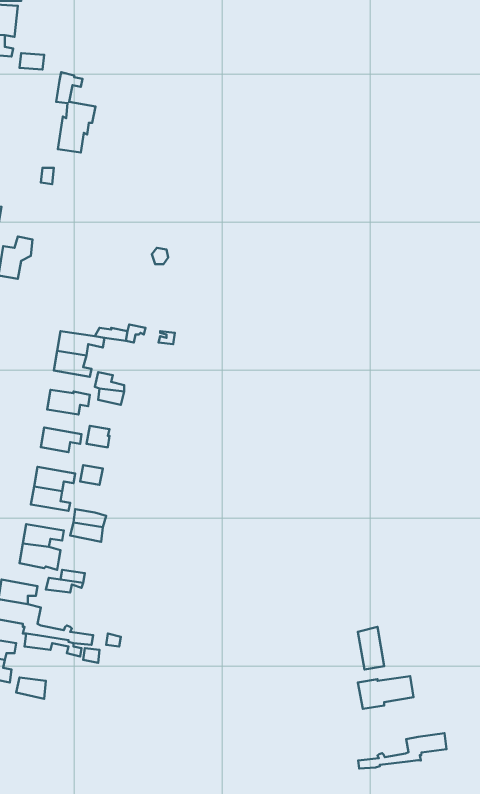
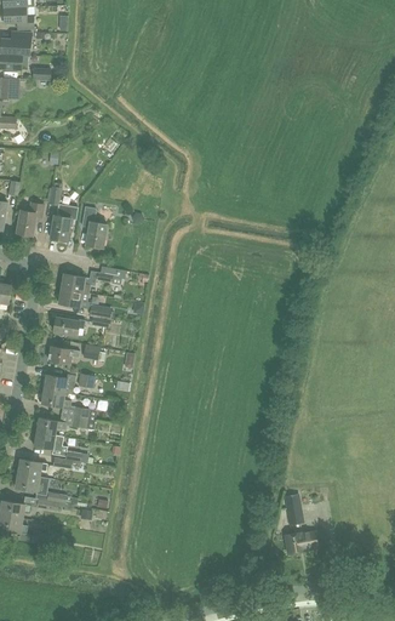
building: [56,72,95,152] -> [48,181,78,240]
building: none -> [81,206,107,246]
building: [358,733,446,768] -> none

